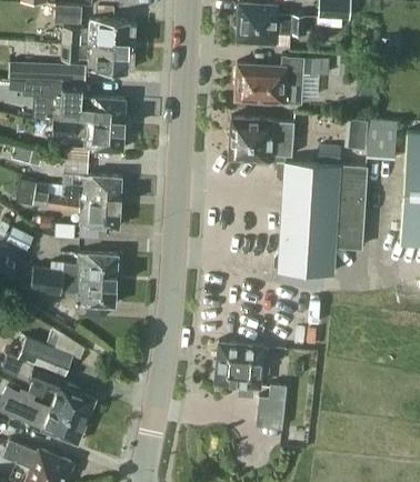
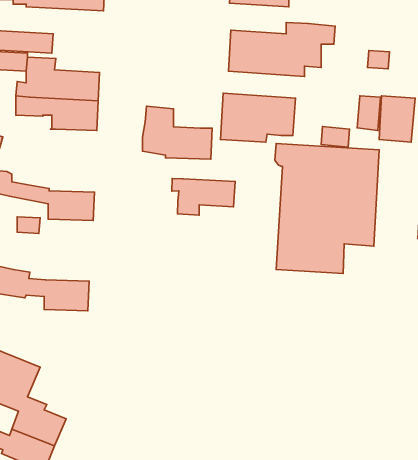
building: [61,43,129,73] -> none
building: [62,158,122,203] -> [142,106,212,159]
building: none -> [172,179,235,215]
building: [51,253,118,280] -> none
building: [217,342,263,396] -> none
building: [256,385,286,429] -> none

